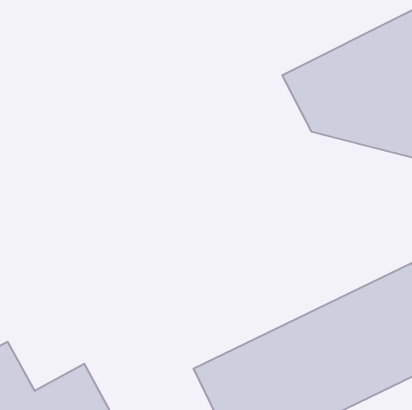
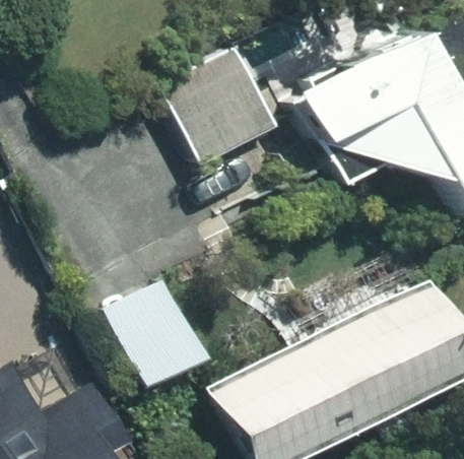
building: none -> [164,48,281,167]
building: none -> [108,281,209,390]

